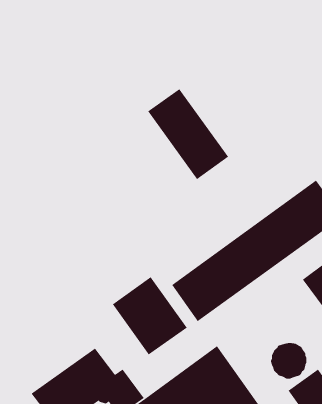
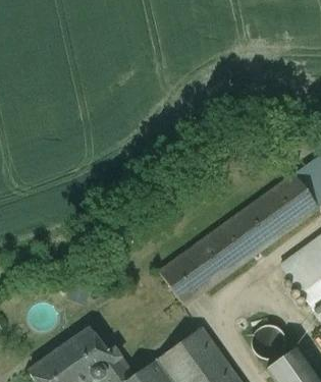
building: [147,88,229,180] -> none
building: [112,276,188,356] -> none

